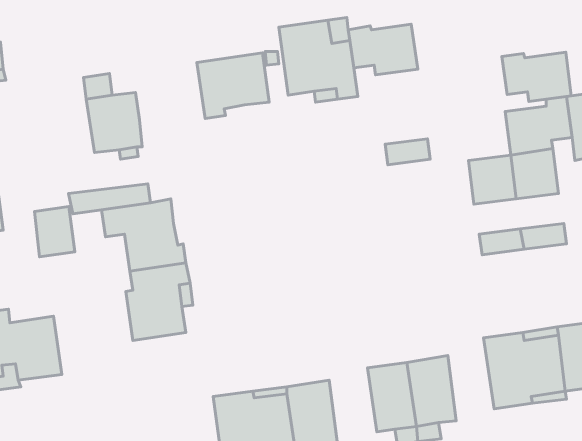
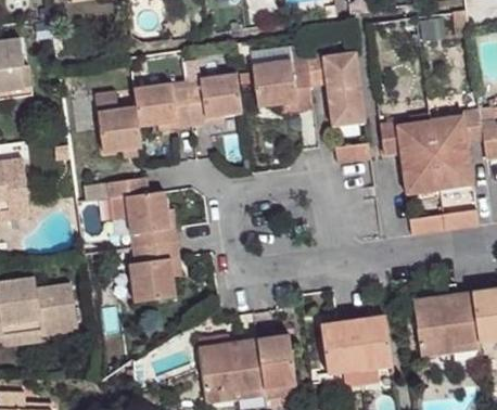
building: [502,52,571,101] -> [379,120,434,159]
building: none -> [133,81,191,128]
building: none -> [327,87,365,126]
building: [34,207,75,257] -> none

